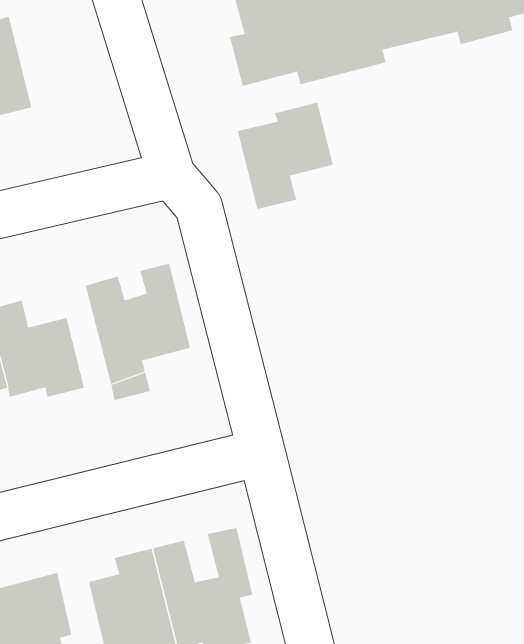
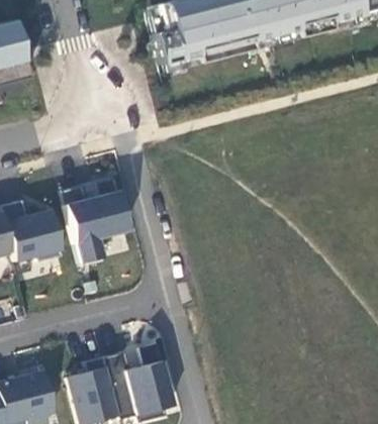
building: [237,102,334,210] -> none

